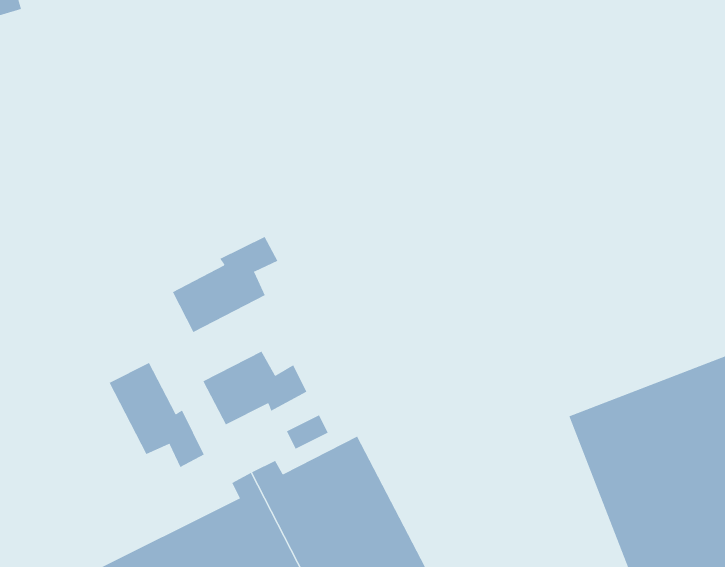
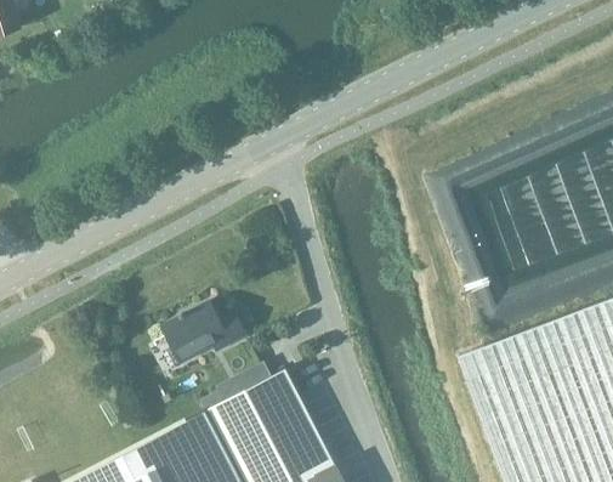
building: [172,236,278,333] -> none
building: [109,362,205,468] -> none

